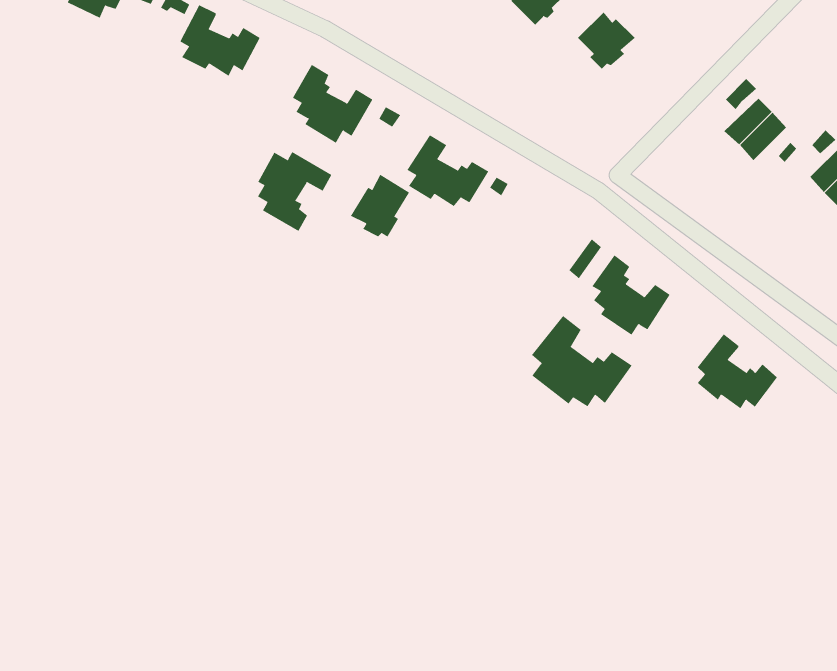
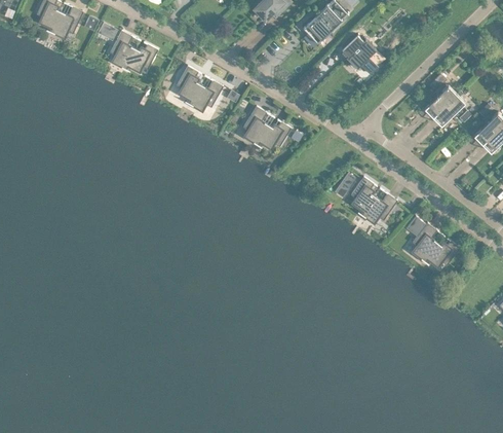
building: [257,151,332,232] -> none
building: [350,174,410,237] -> none
building: [531,315,632,407] -> none

